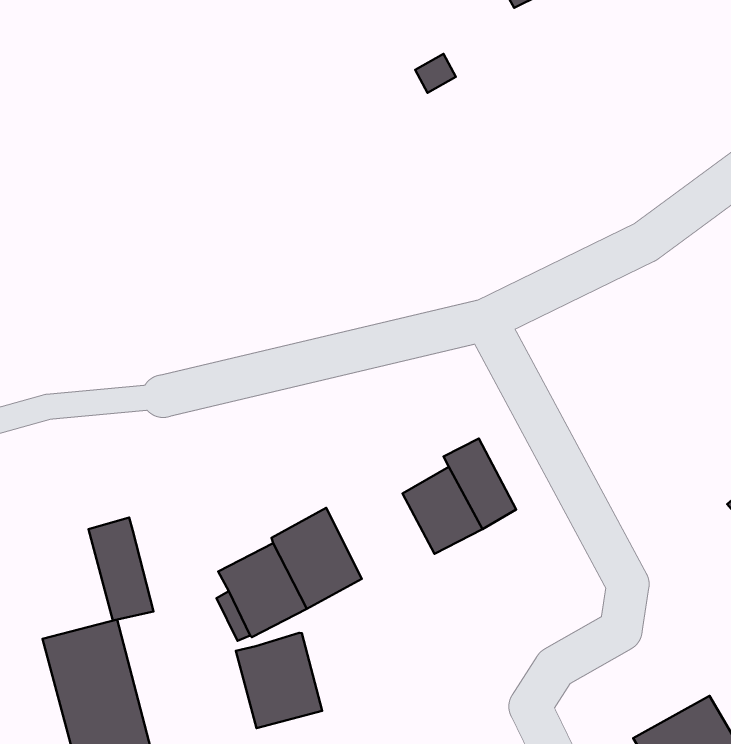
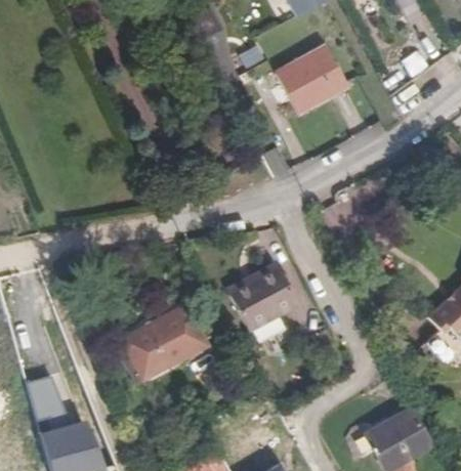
building: none -> [277,46,348,112]
building: [88,517,153,620] -> none
building: [236,633,322,728] -> none

